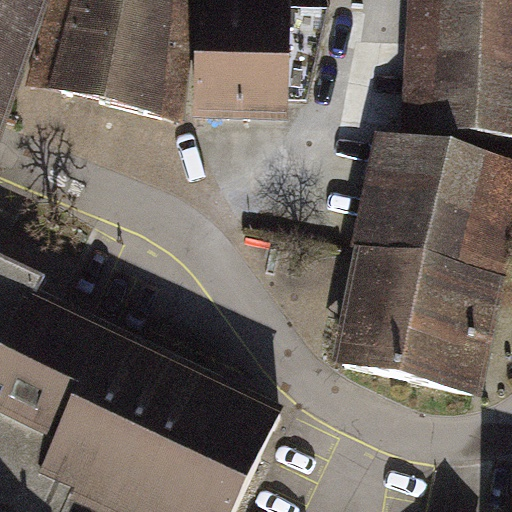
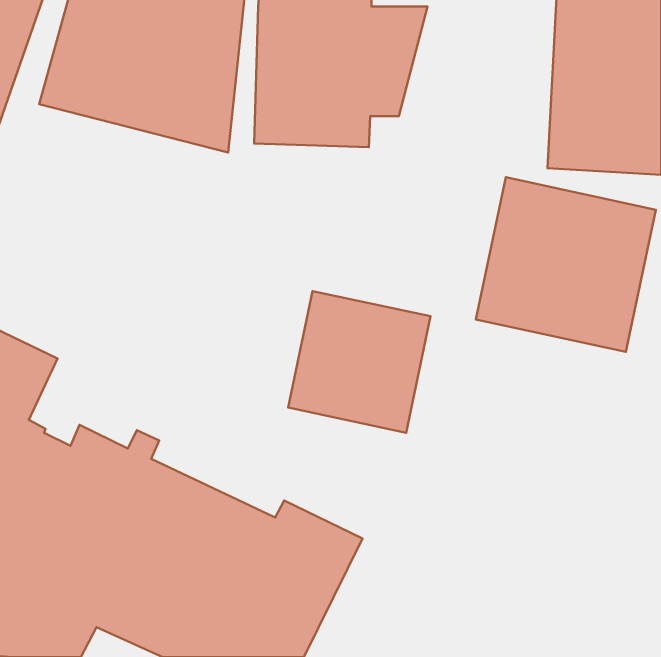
building: none -> [288,291,430,433]
building: [341,245,497,389] -> none

